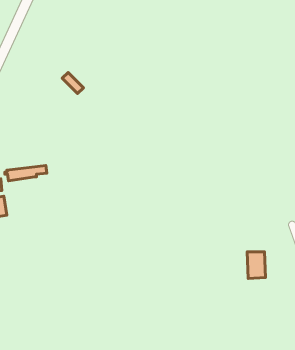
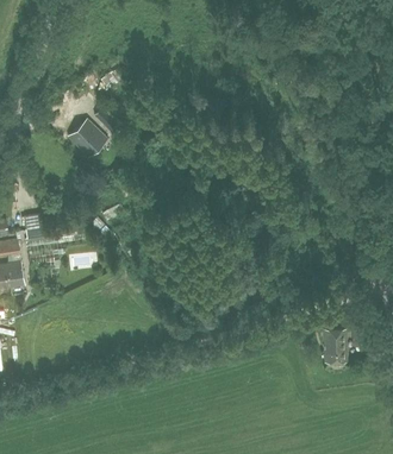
building: none -> [68,118,107,157]

